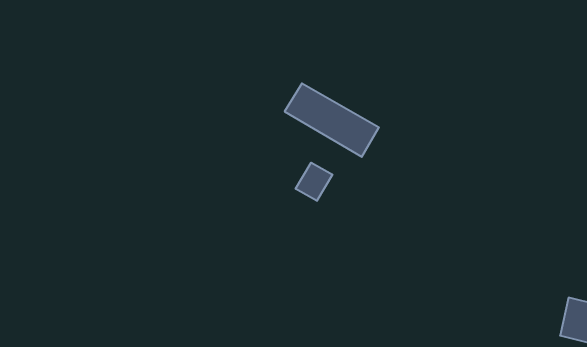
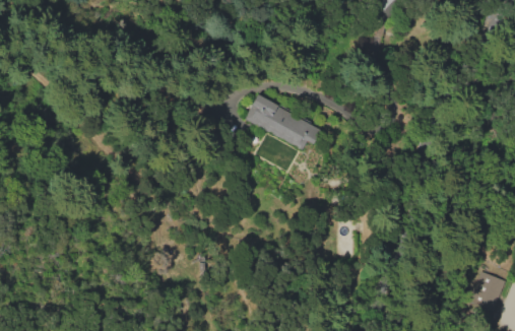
building: [296,163,332,201] -> none

